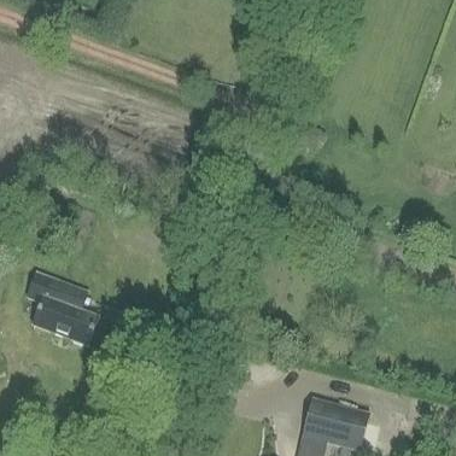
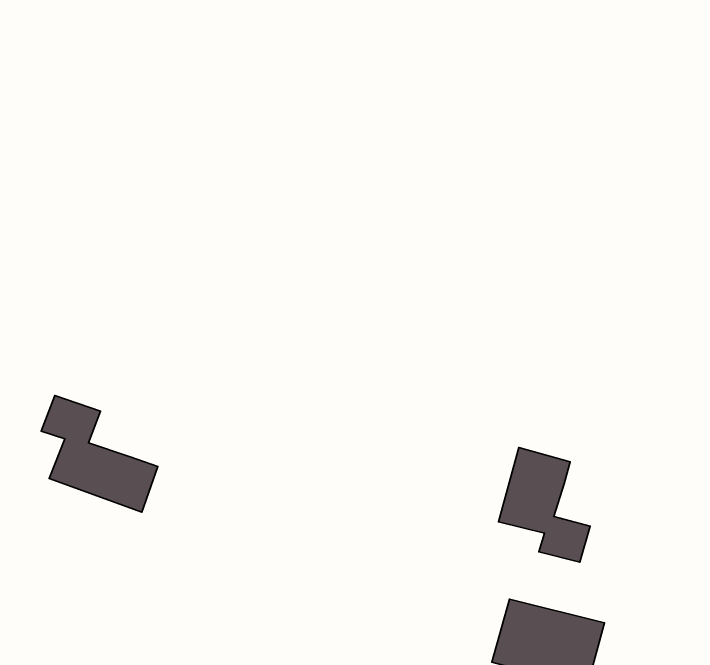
building: none -> [499,447,590,562]

